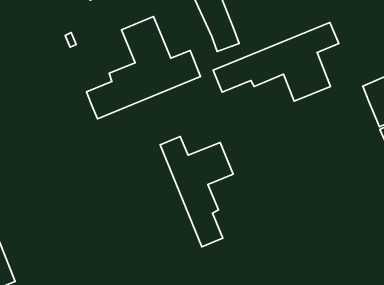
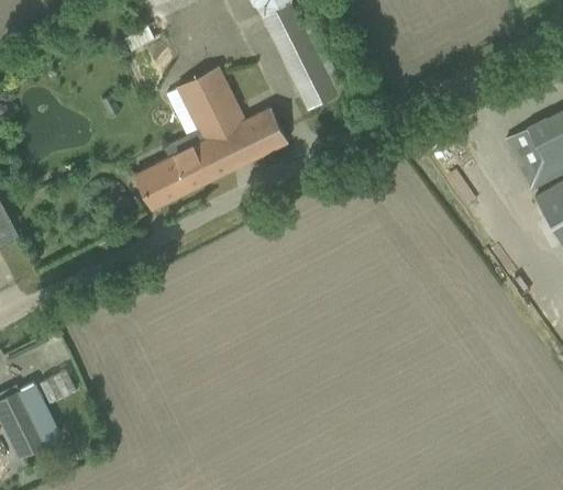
building: [213,22,339,101] -> none
building: [160,136,233,247] -> none

